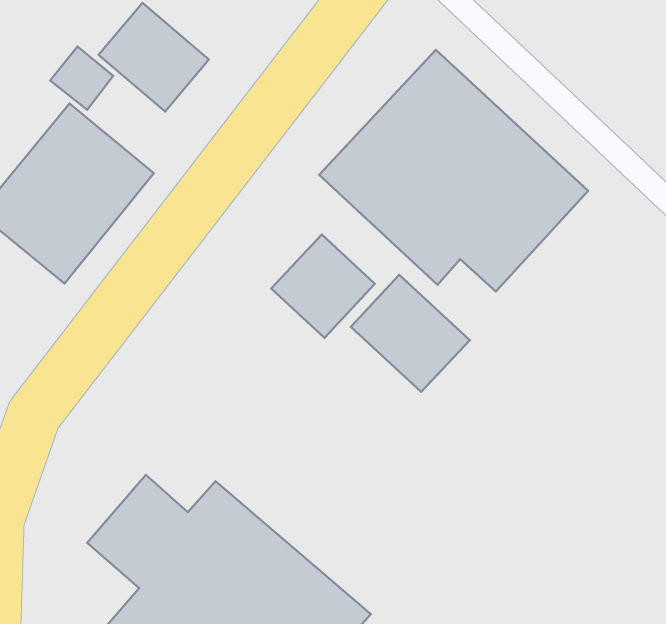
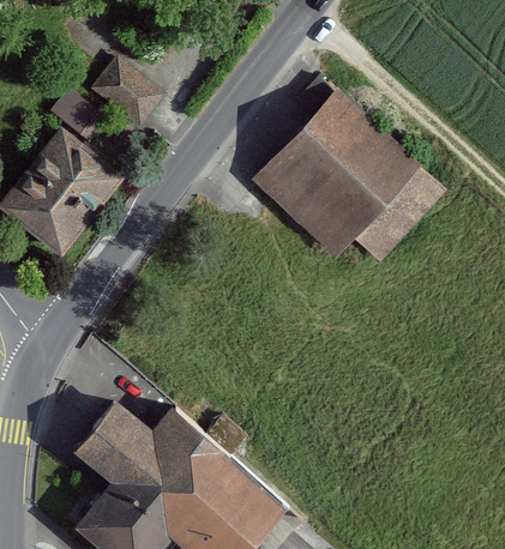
building: [271,235,375,338] -> none
building: [351,275,470,392] -> none

